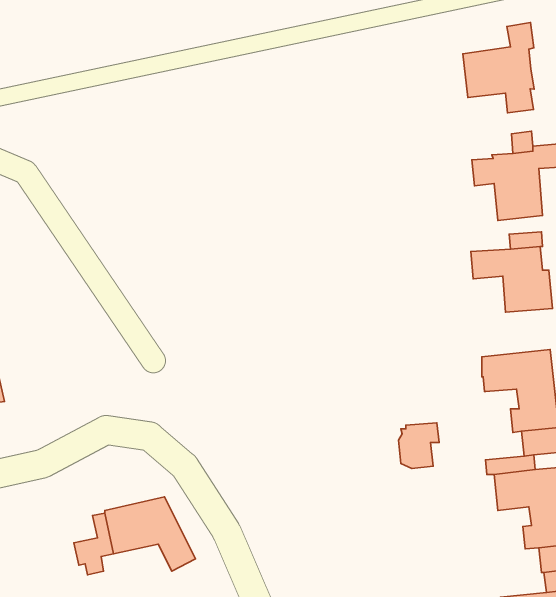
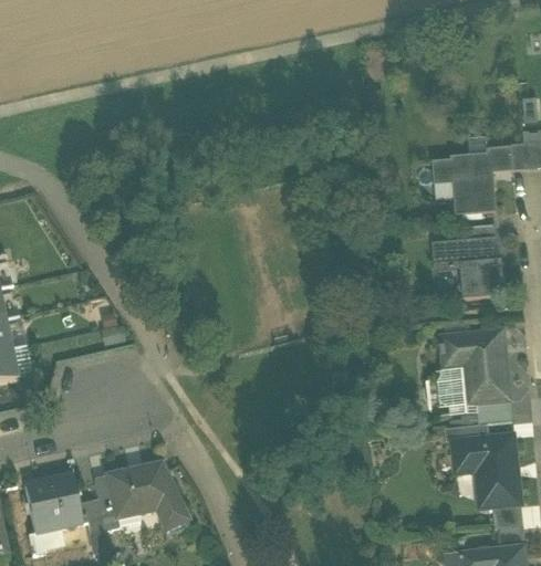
building: [463,22,534,113] -> none
building: [398,423,439,469] -> [438,366,475,407]
building: none -> [24,479,82,533]

